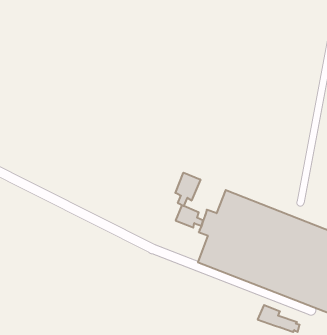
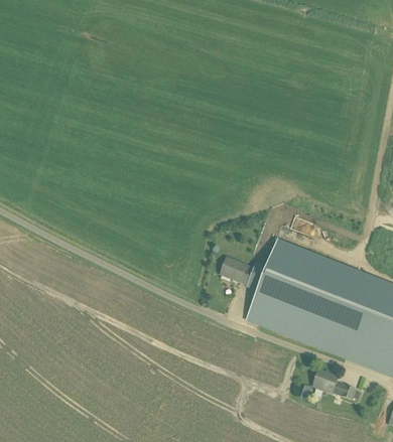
building: [175,173,200,206] -> none

